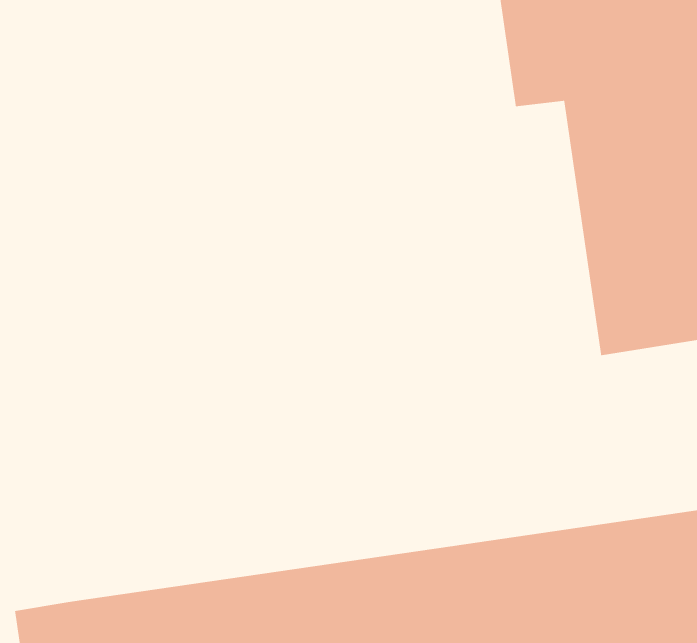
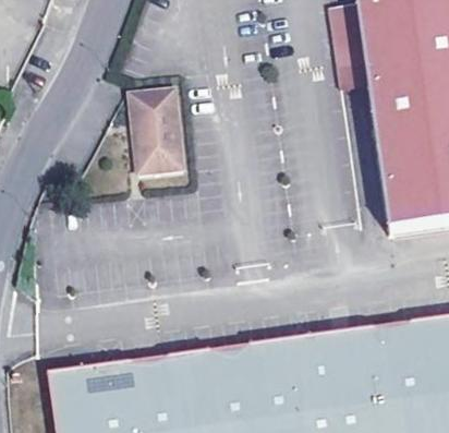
building: none -> [132,91,184,172]

